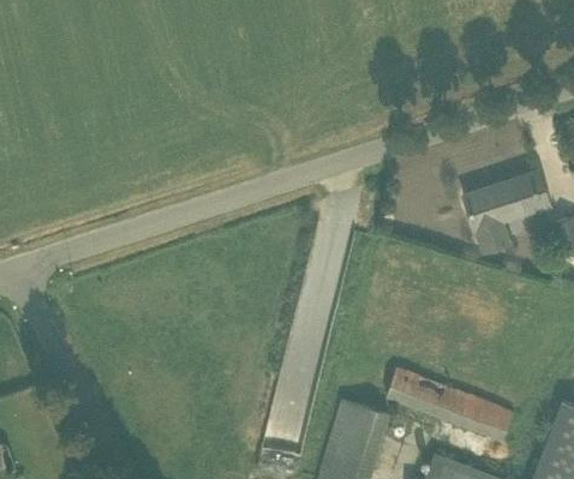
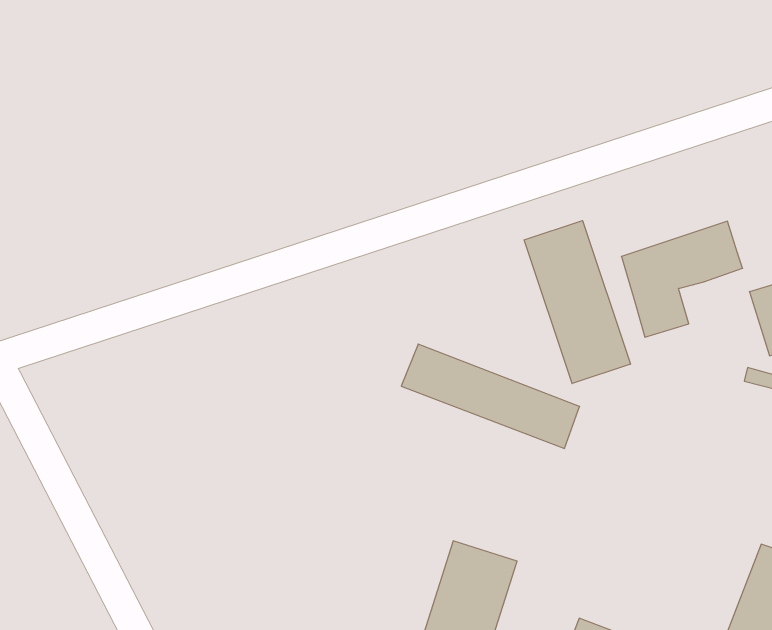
building: none -> [524,221,630,384]
building: [385,366,513,441] -> [401,344,580,448]

